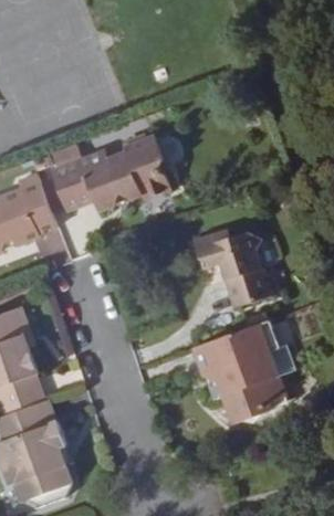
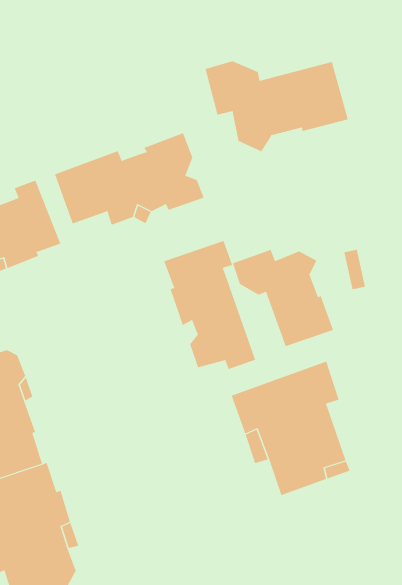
building: none -> [205,61,348,152]
building: none -> [164,240,256,370]

